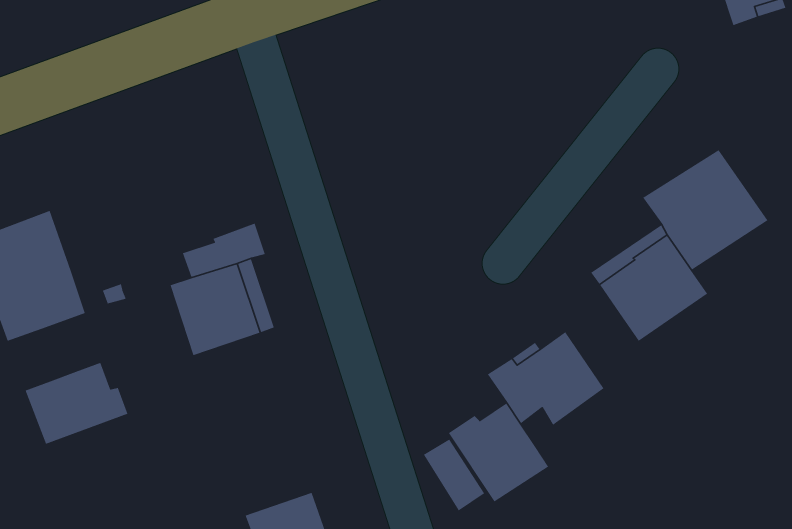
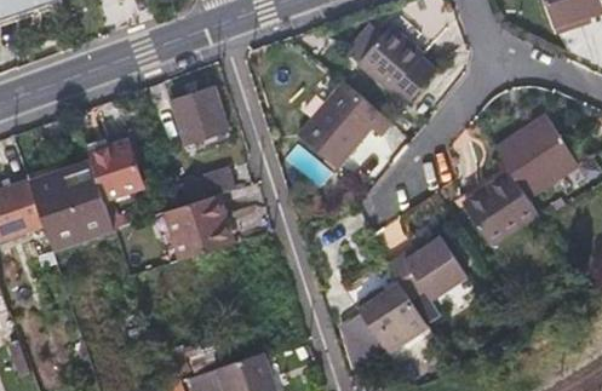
building: none -> [355,27,431,103]
building: none -> [299,82,389,168]
building: none -> [172,85,225,140]
building: none -> [87,138,143,199]
building: [24,362,129,445] -> none

